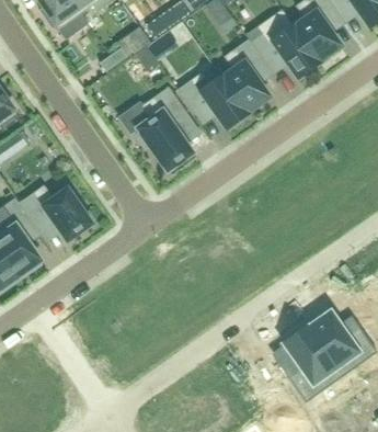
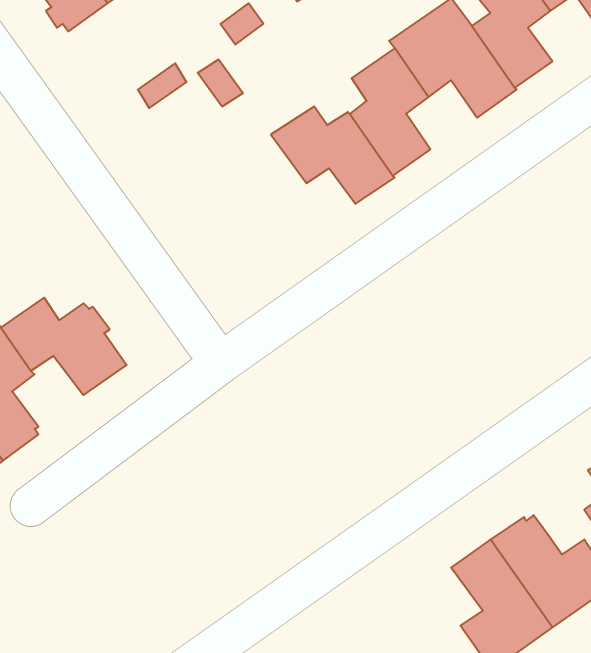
building: [136,84,193,170] -> none

